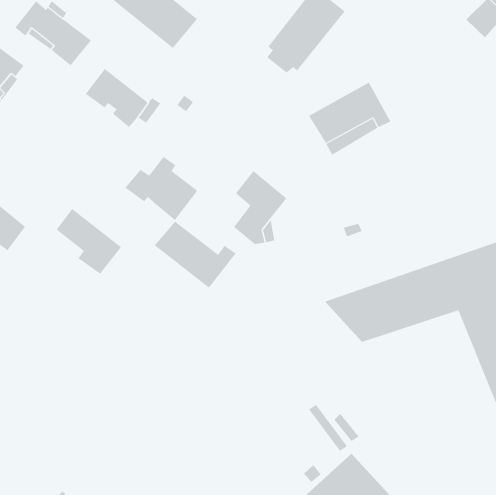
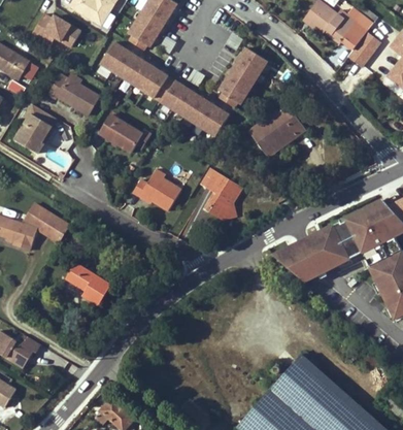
building: none -> [158,77,230,136]
building: [56,208,122,274] -> [66,263,111,305]
building: [154,221,237,288] -> none

